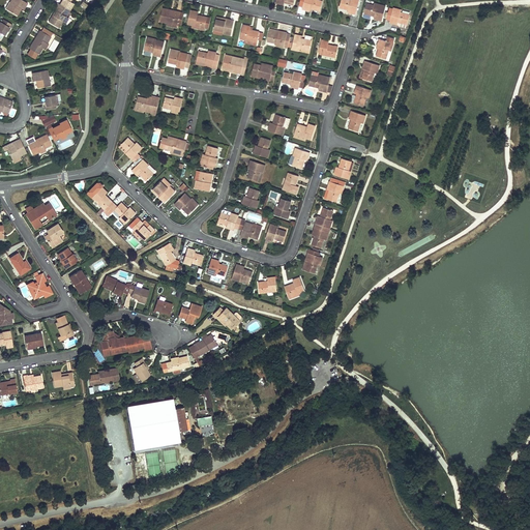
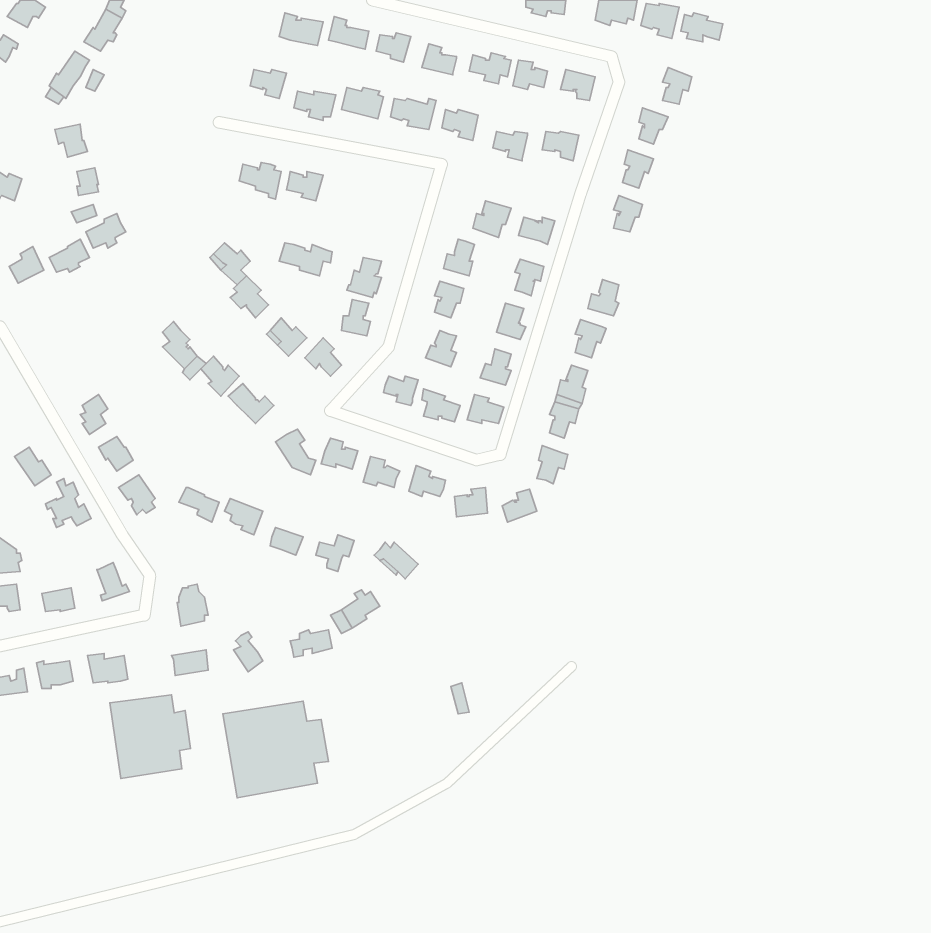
building: [25,202,56,228] -> none
building: [116,335,152,352] -> none
building: none -> [110,695,191,779]

